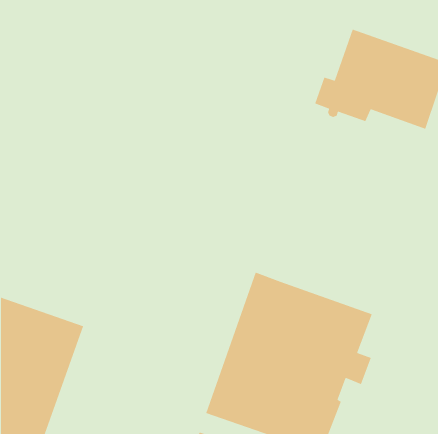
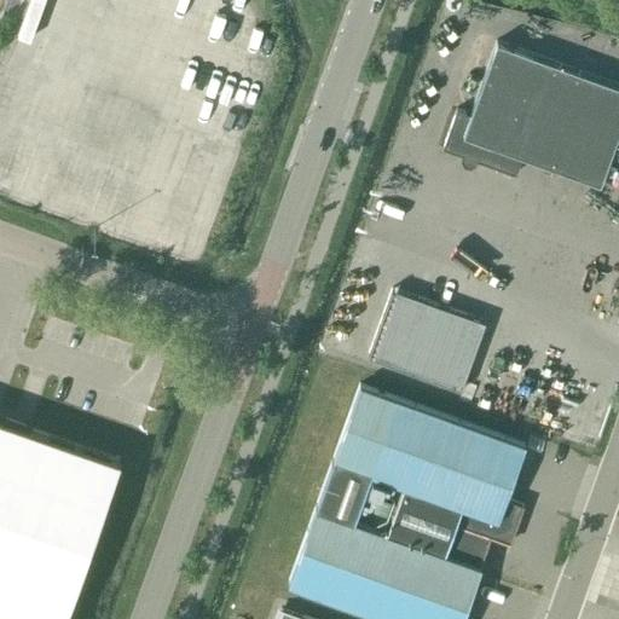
building: none -> [369,294,486,395]

